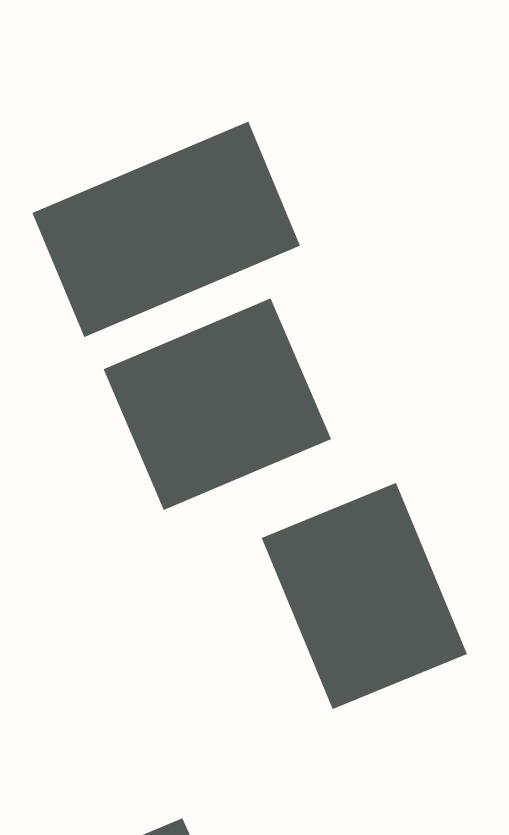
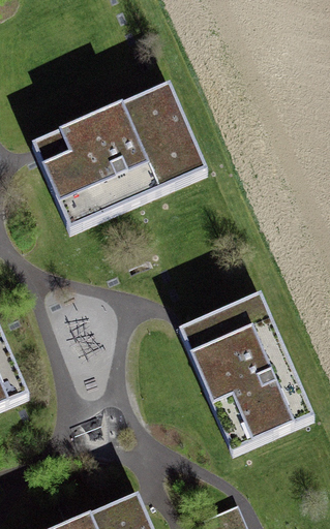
building: [103,297,332,511] -> none

